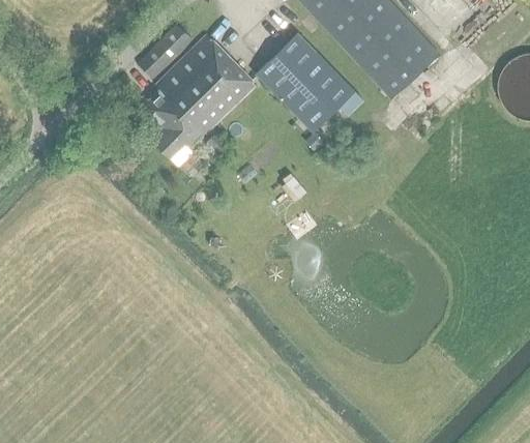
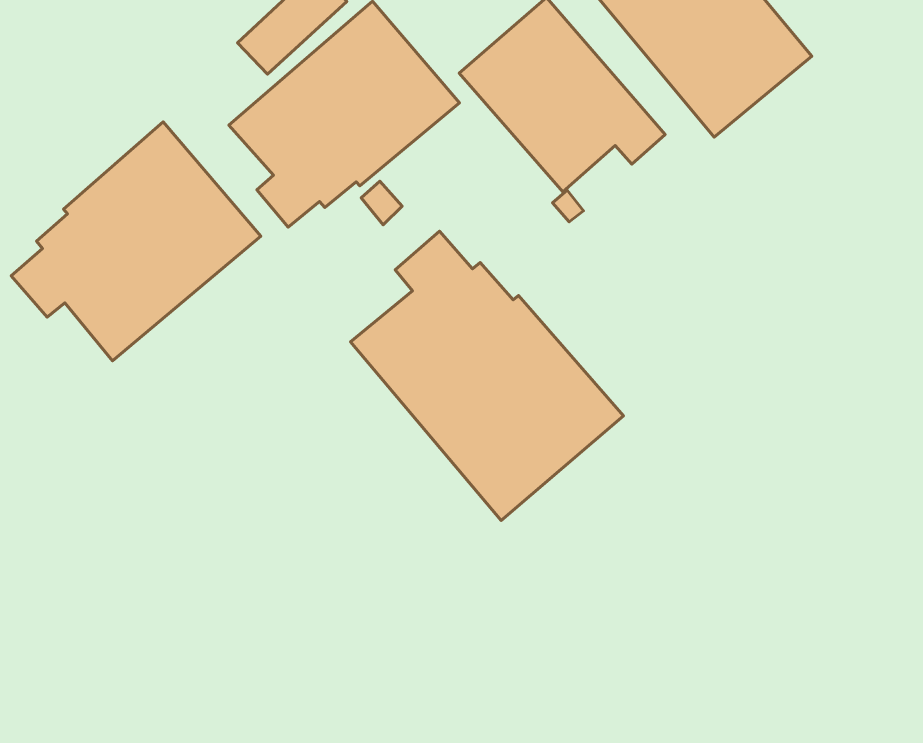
building: none -> [11,122,261,361]
building: none -> [350,231,624,520]

